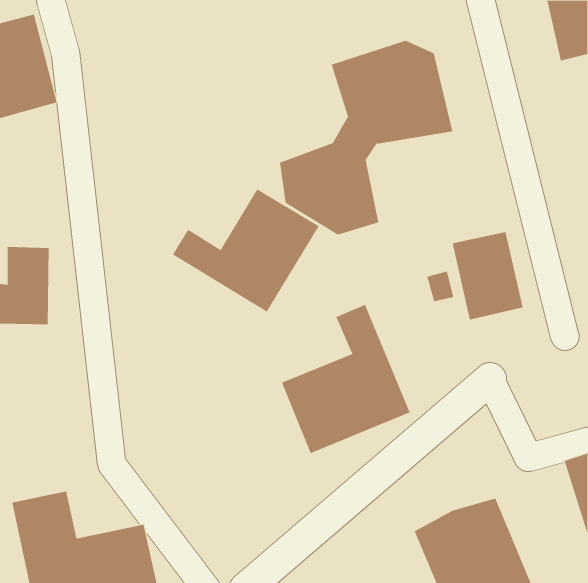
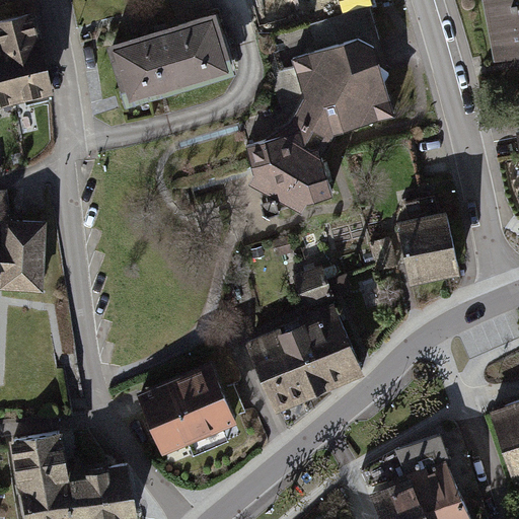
building: none -> [106,10,235,107]
building: [172,189,320,312] -> none
building: none -> [138,368,233,451]

